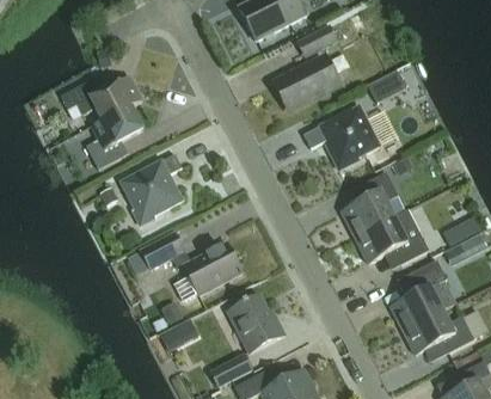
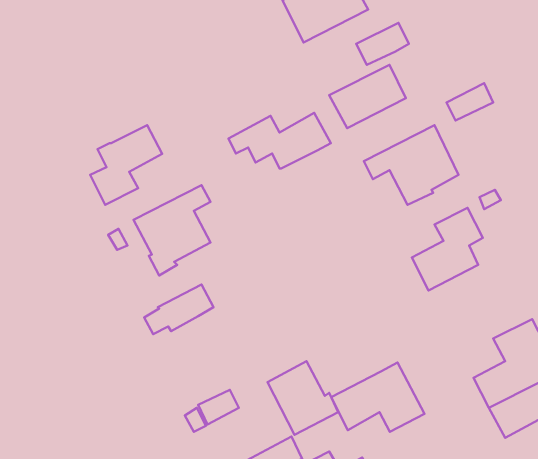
building: [61,75,142,119] -> [228,113,331,169]
building: [355,209,429,264] -> [331,363,425,432]
building: [172,241,243,294] -> none

